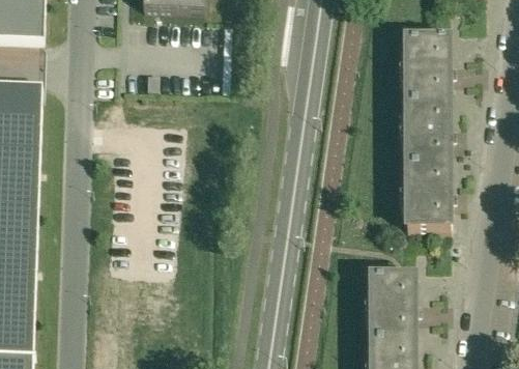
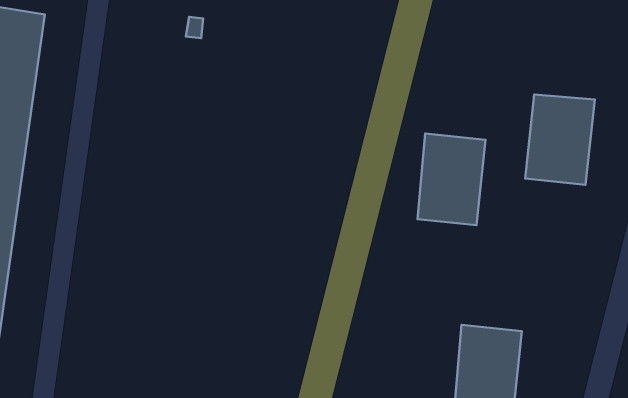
building: [405,40,450,105] -> none
building: [405,167,450,230] -> [418,133,485,225]

